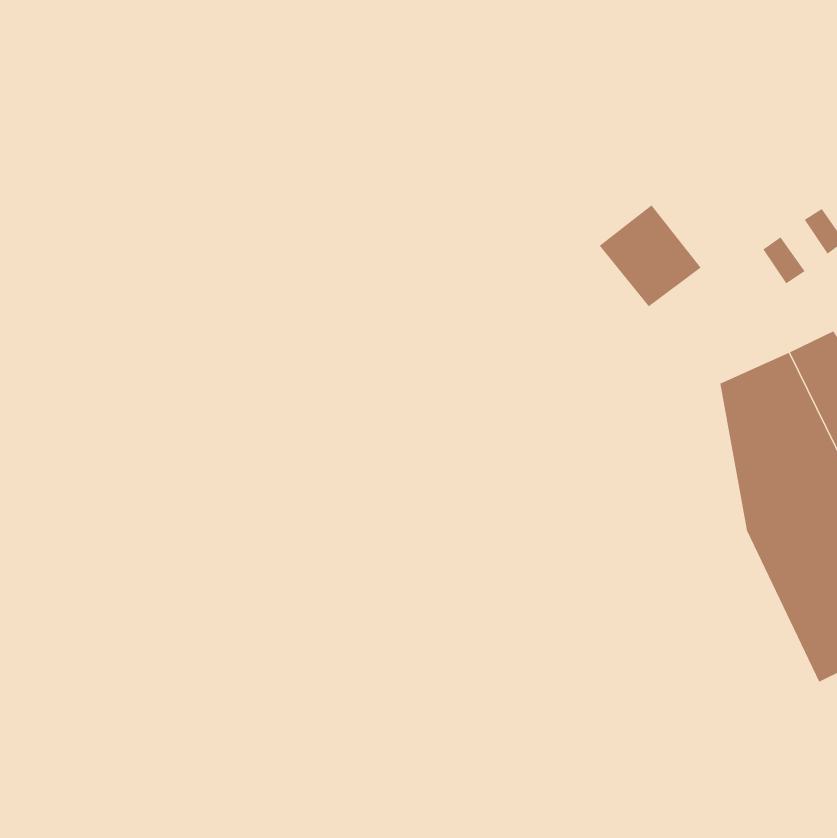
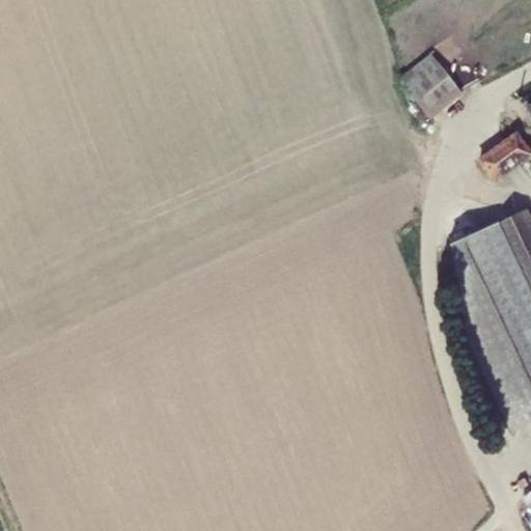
building: [599,205,702,307] -> [401,51,466,115]

